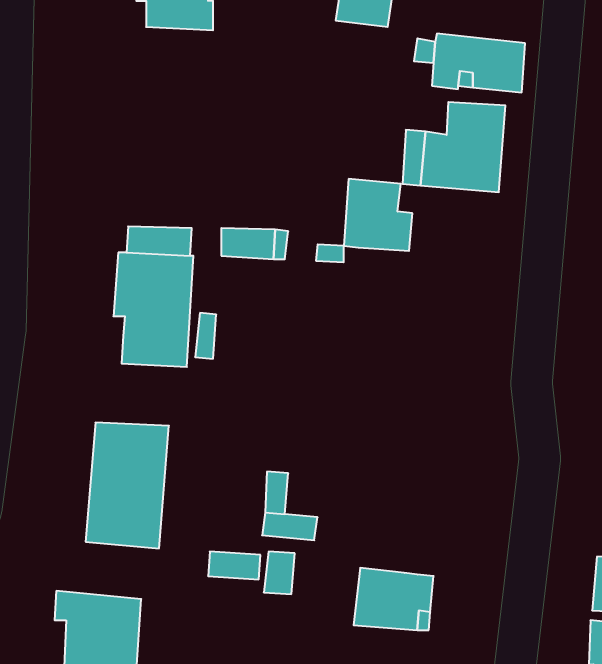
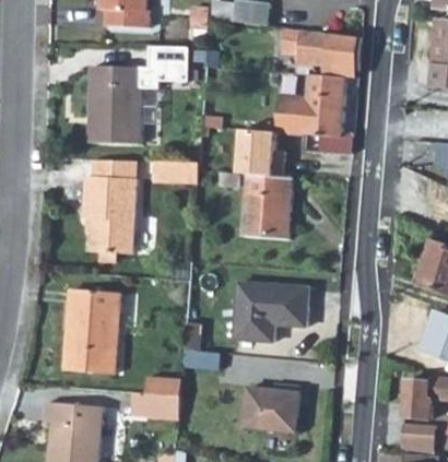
building: none -> [87,46,188,143]
building: none -> [243,174,293,238]
building: none -> [234,284,308,340]
building: none -> [131,392,180,419]

